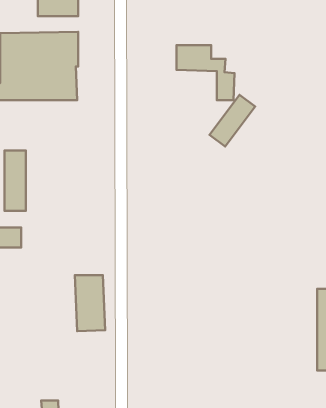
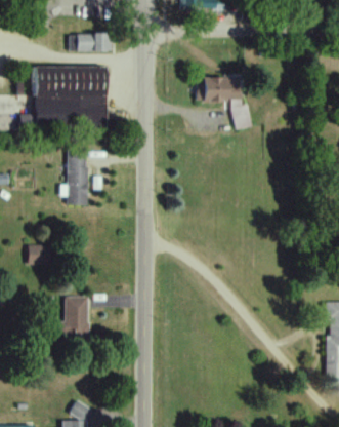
building: [210,95,255,146] -> none
building: [5,151,26,211] -> [68,149,87,204]
building: [75,275,105,331] -> [62,296,90,347]

